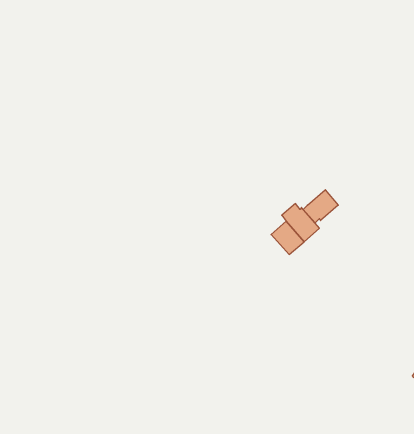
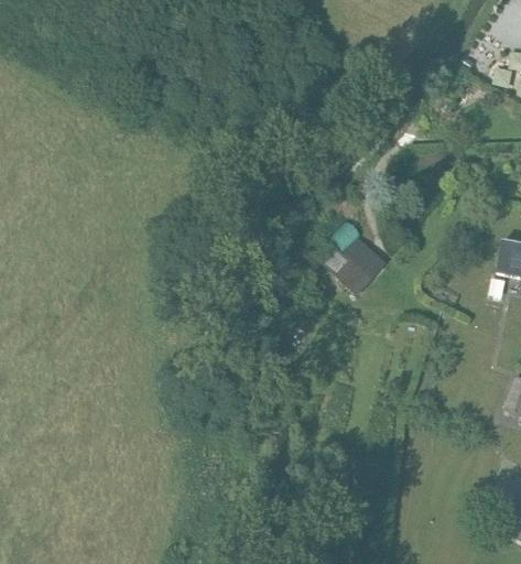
building: [303,190,338,223] -> none

